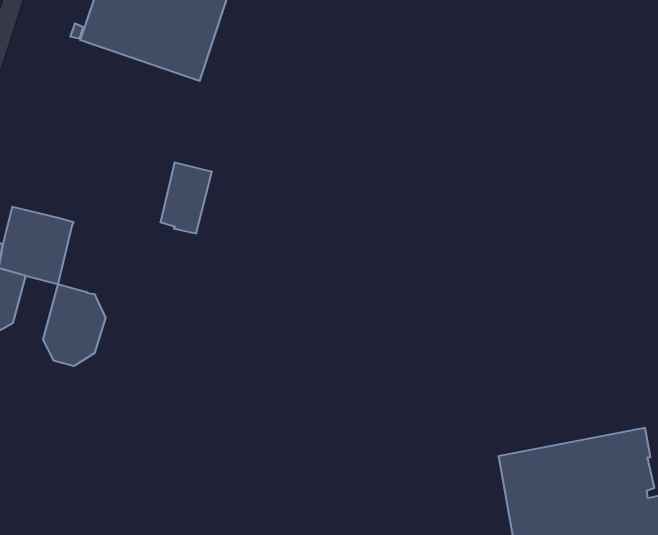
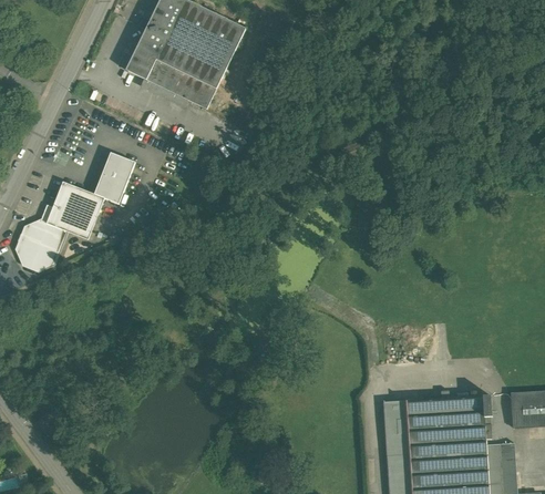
building: [160,162,212,233] -> [94,153,135,205]
building: [43,284,105,366] -> none

